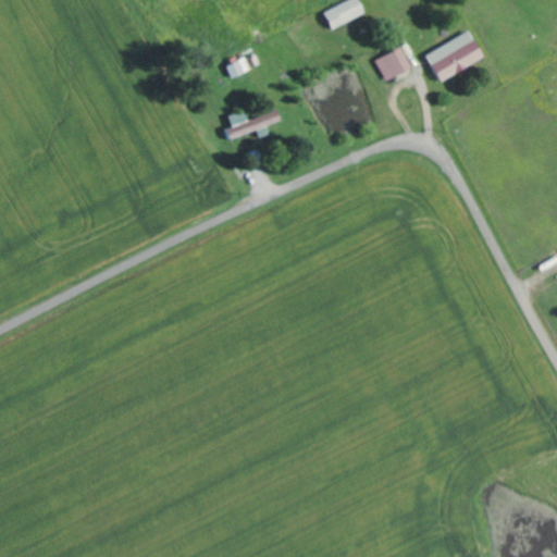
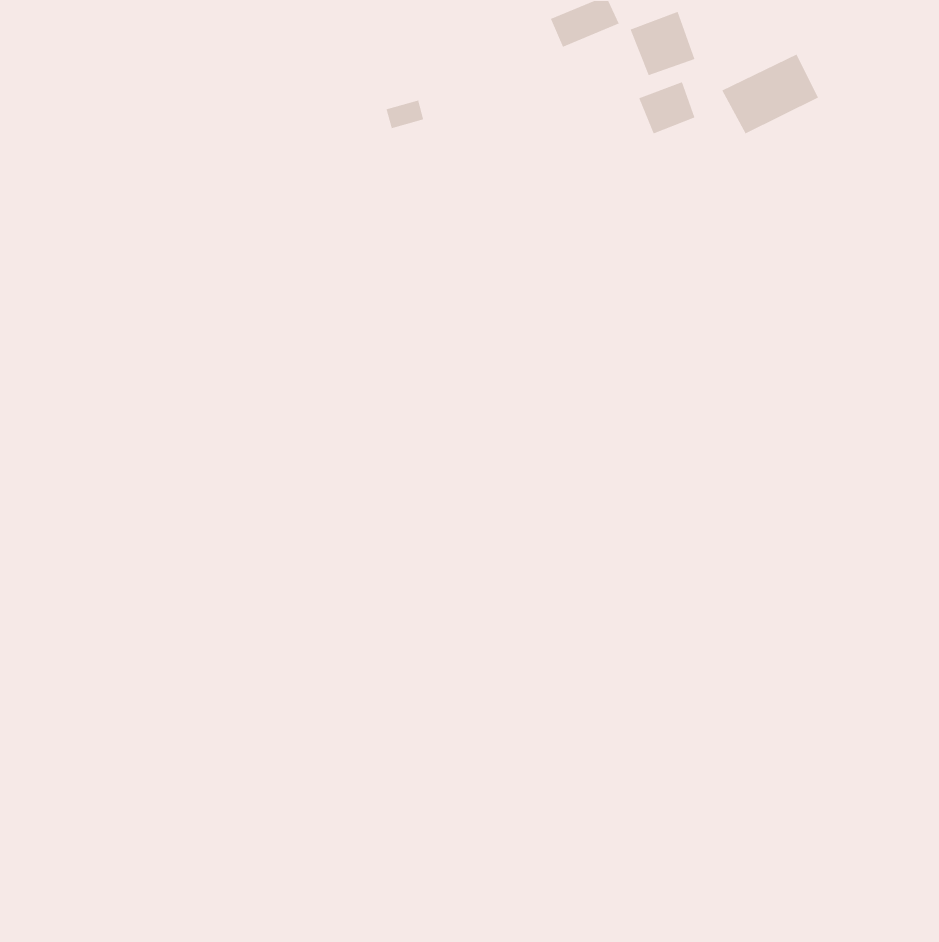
building: none -> [629,11,695,76]
building: [226,110,281,138] -> none

